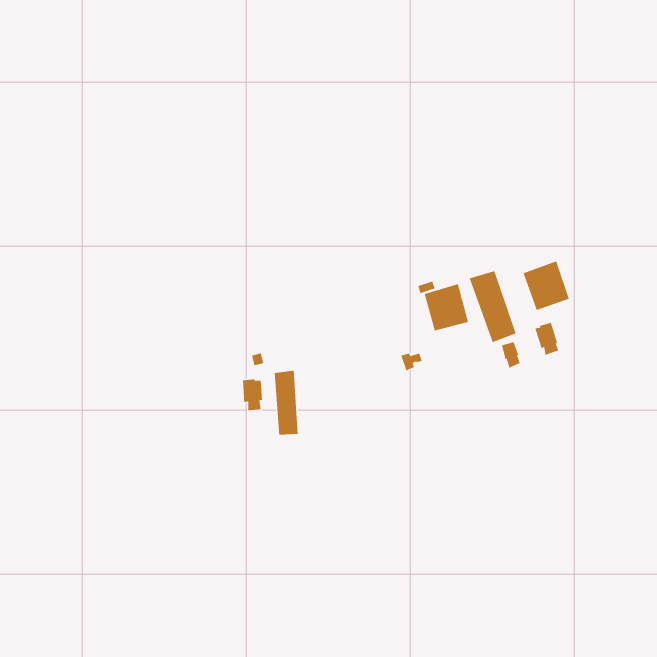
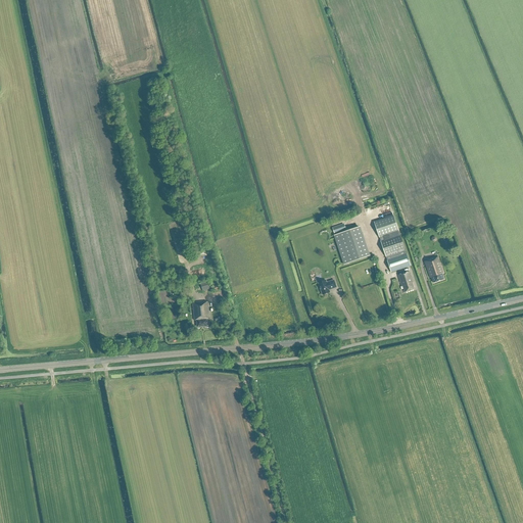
building: [523,261,570,311] -> none
building: [274,370,298,436] -> none

